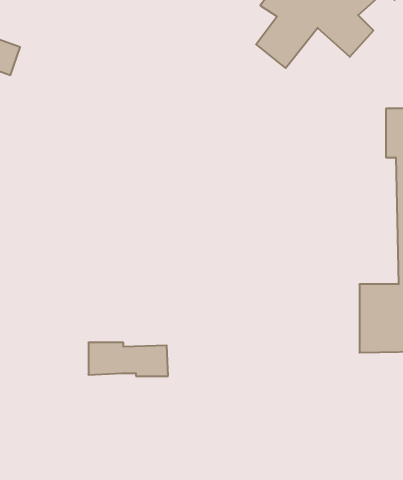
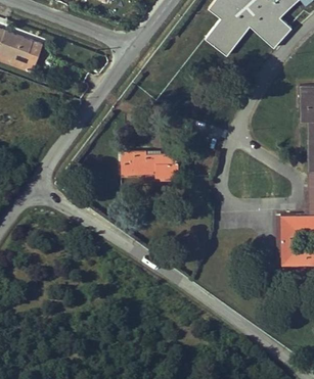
building: [88,343,168,376] -> [121,151,179,176]

